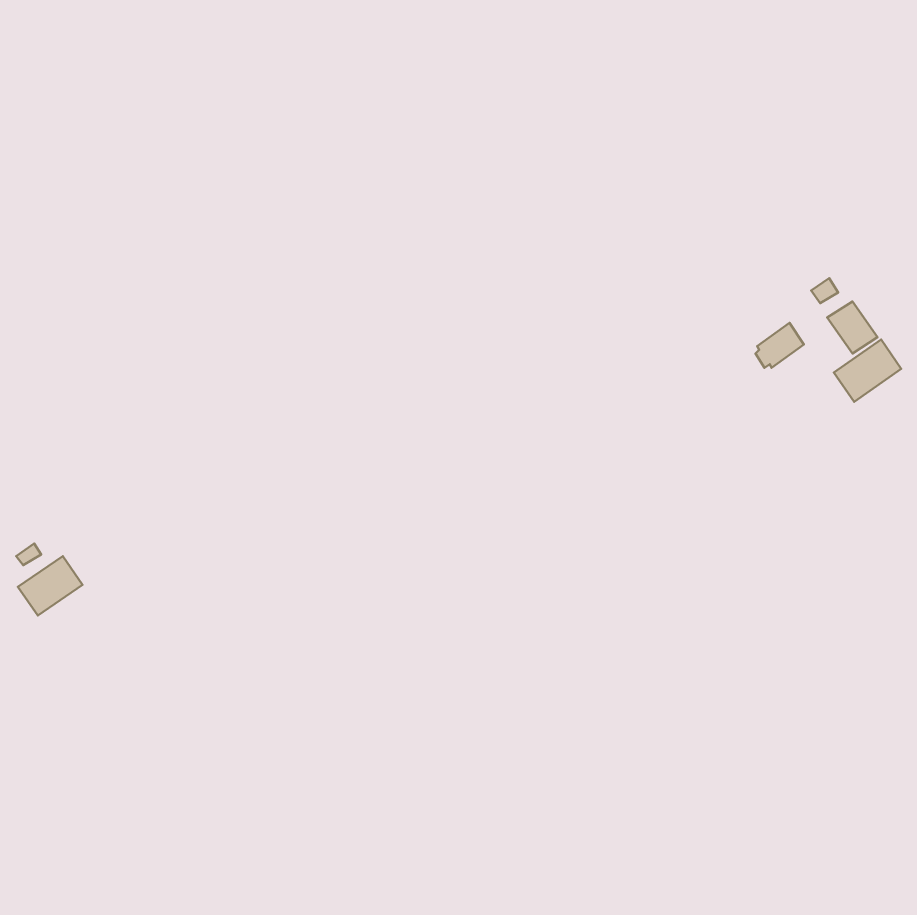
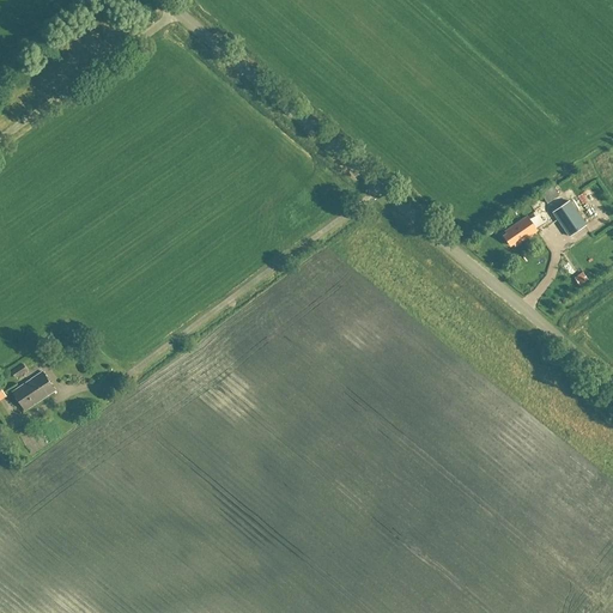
building: [834,340,901,402] -> none

